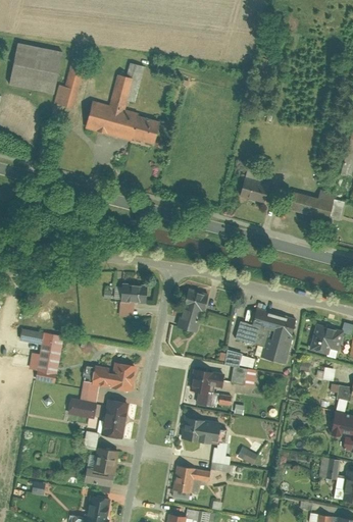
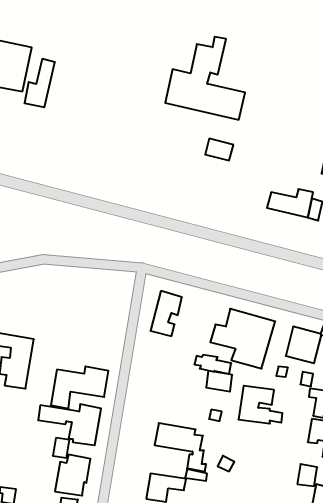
building: [83,67,160,148] -> [165,37,245,120]
building: [241,180,268,202] -> [205,139,233,161]
building: [114,282,147,318] -> none
building: [189,370,232,407] -> [238,386,282,424]

